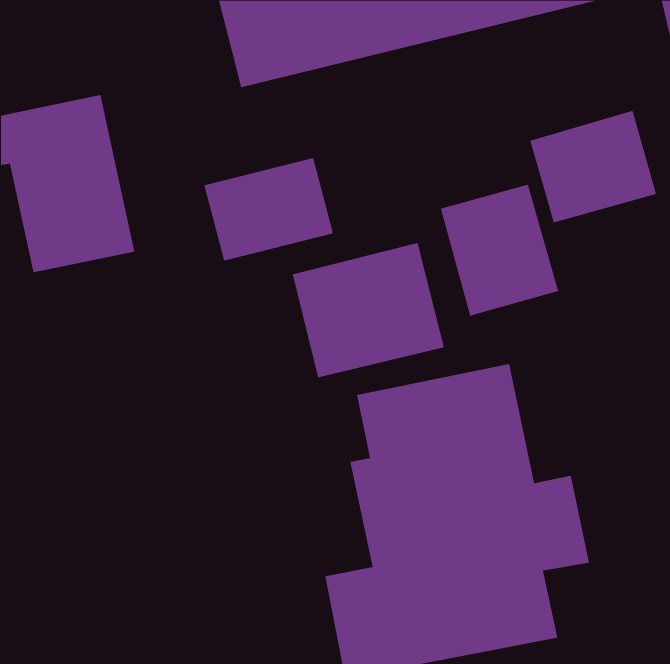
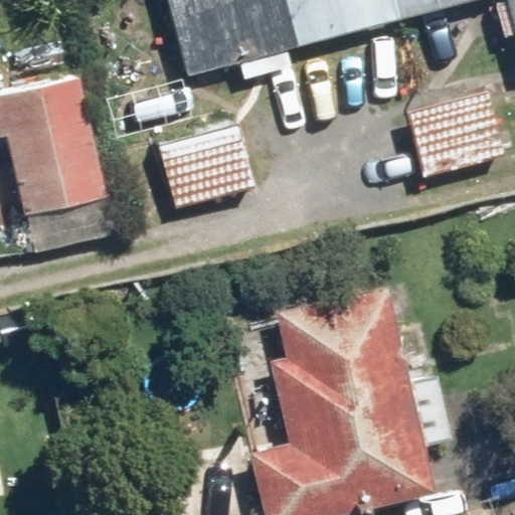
building: [440,184,559,317] -> none
building: [292,242,444,378] -> none

